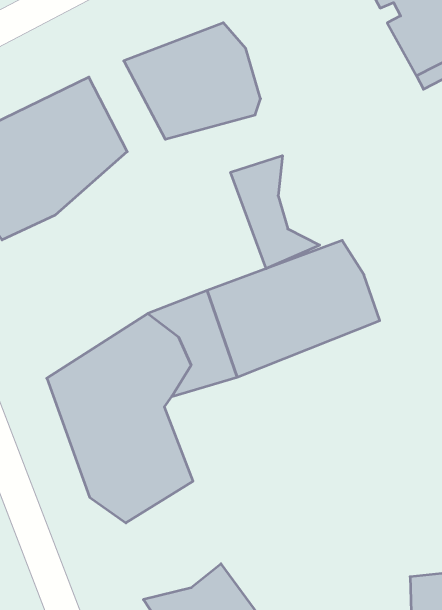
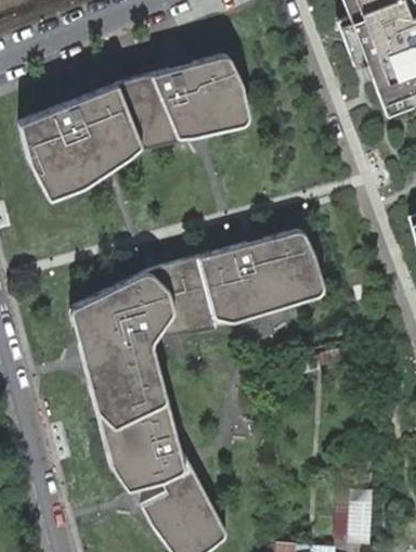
building: none -> [122,73,177,143]
building: [231,156,320,269] -> none
building: none -> [90,403,186,491]

